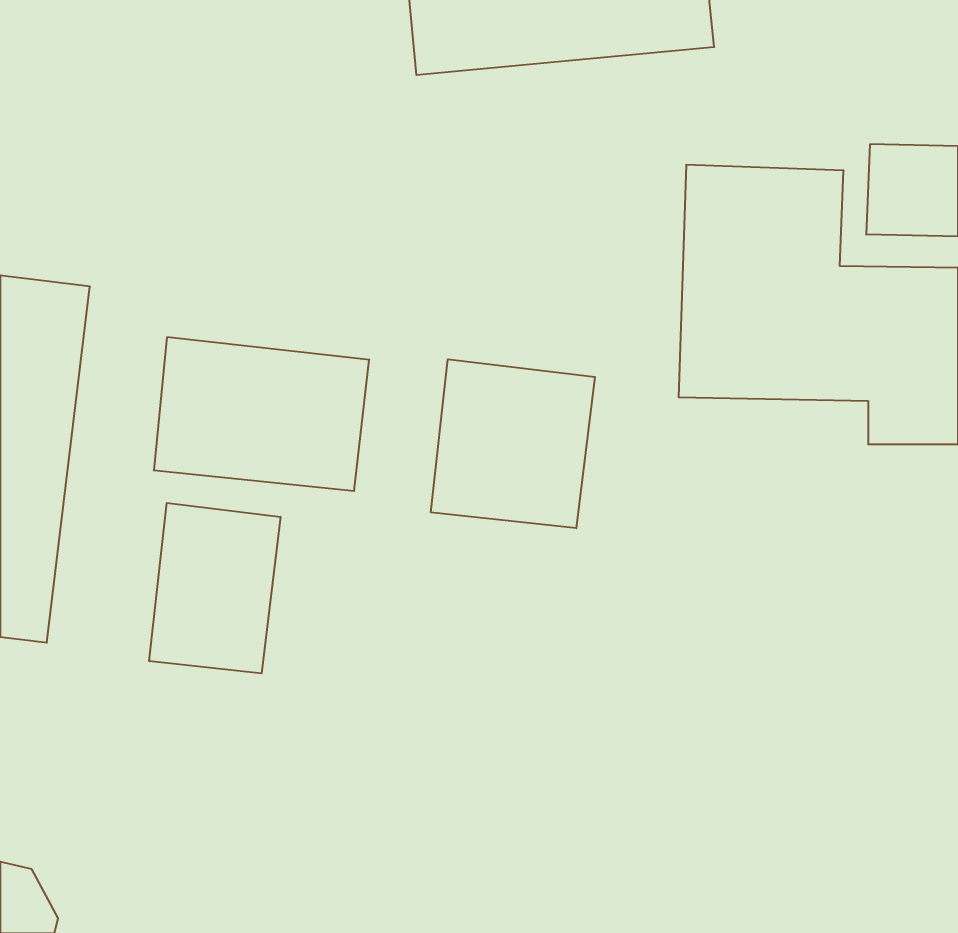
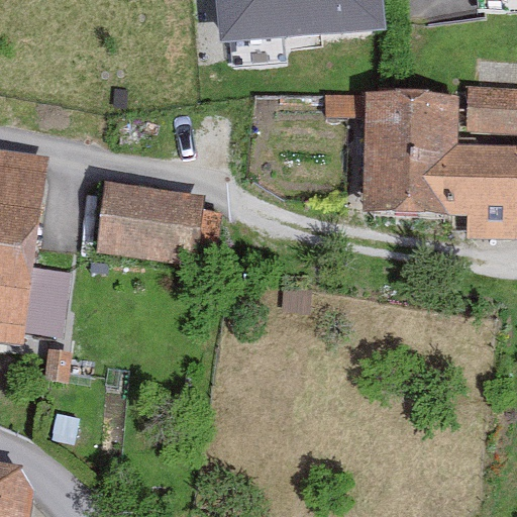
building: [431,359,595,528] -> none
building: [149,503,280,673] -> none

